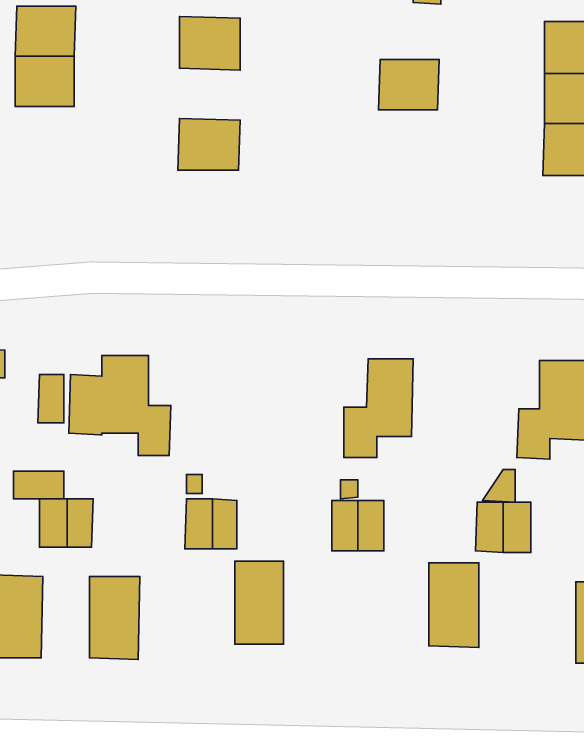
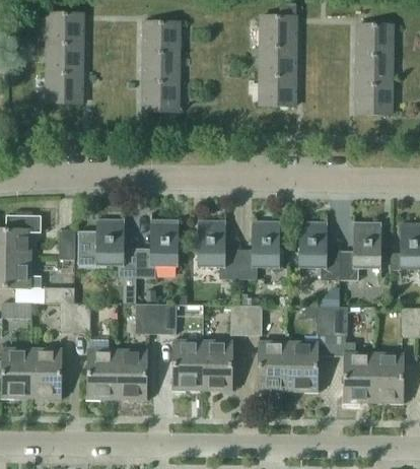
building: none -> [260,15,294,46]
building: none -> [142,51,178,81]
building: none -> [46,73,80,104]
building: none -> [259,75,293,106]
building: none -> [136,220,179,278]
building: none -> [197,220,238,279]
building: none -> [299,221,341,279]
building: none -> [203,340,232,390]
building: none -> [260,341,288,390]
building: none -> [118,349,147,398]
building: none -> [346,352,374,400]

